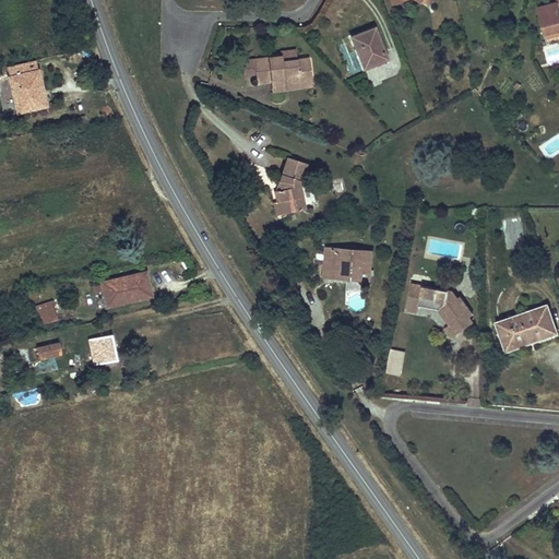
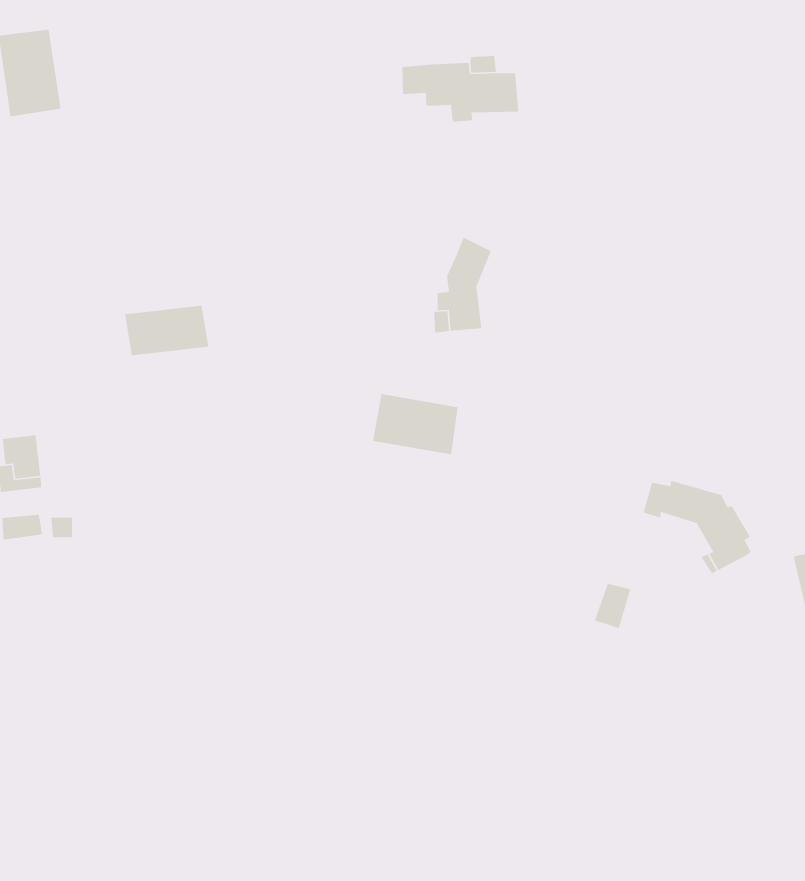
building: [350,27,388,69] -> none
building: [323,249,371,281] -> [372,393,458,455]
building: [100,273,152,307] -> [124,305,209,356]
building: [88,336,117,365] -> none

